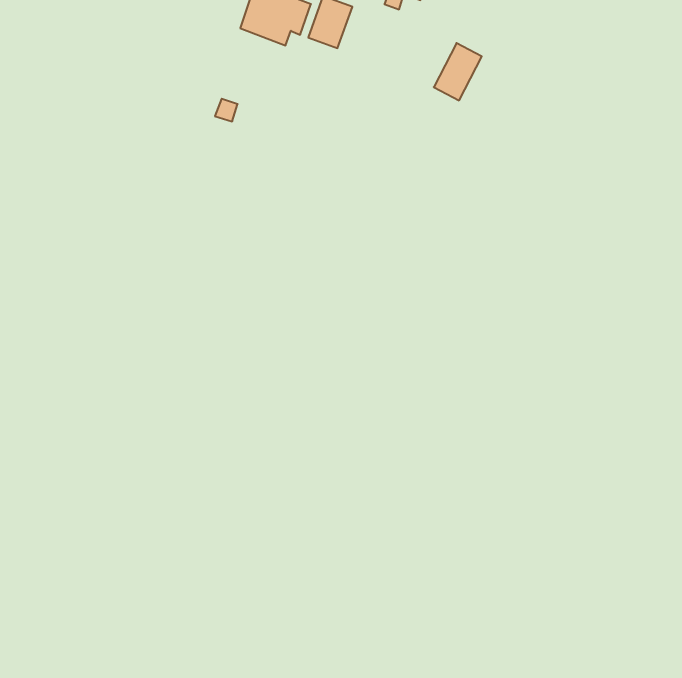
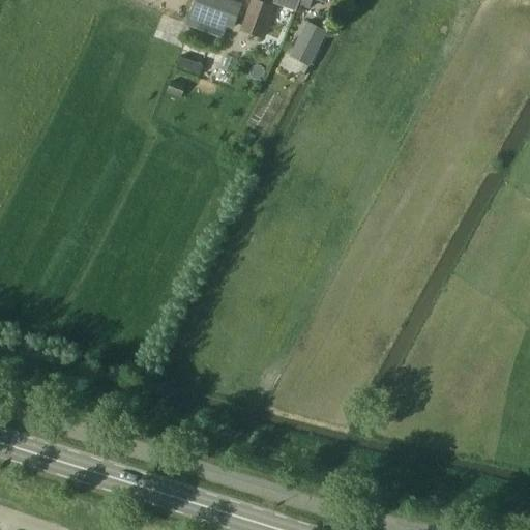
building: [434,43,482,100] -> [289,20,326,64]

